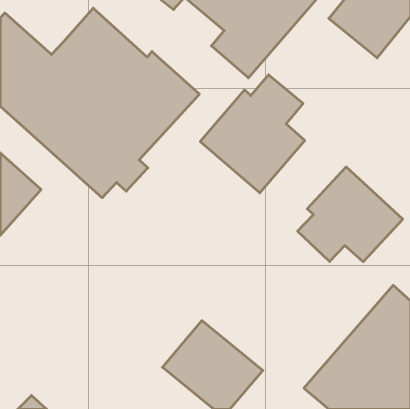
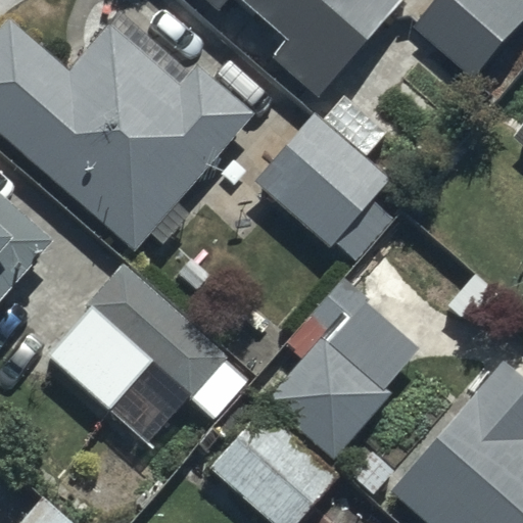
building: [298,167,403,262] -> none
building: none -> [41,264,226,412]
building: none -> [266,278,418,460]

